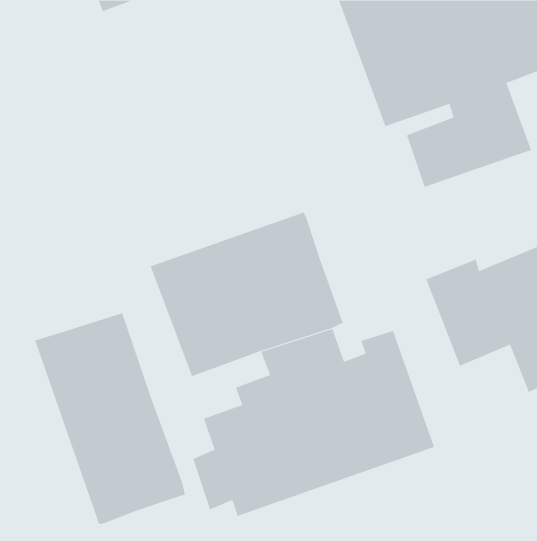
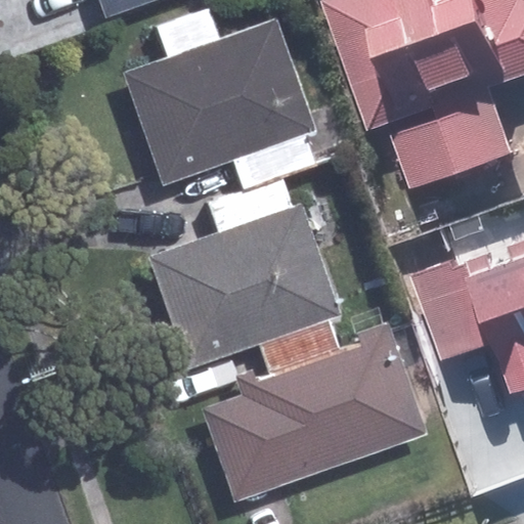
building: none -> [128,25,311,182]
building: [34,313,186,525] -> none

